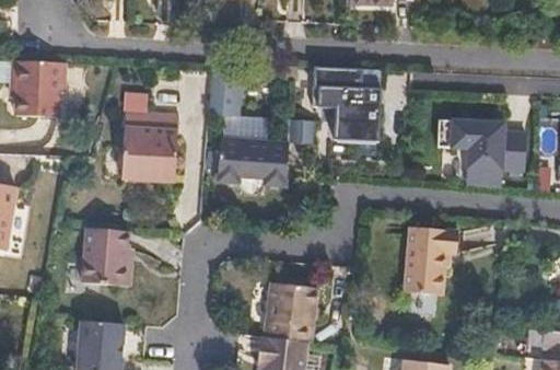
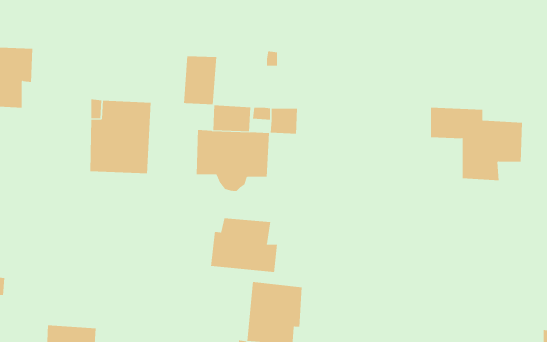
building: [313,66,380,139] -> none
building: none -> [211,217,277,273]
building: [404,226,457,293] -> none
building: [81,228,133,287] -> none

